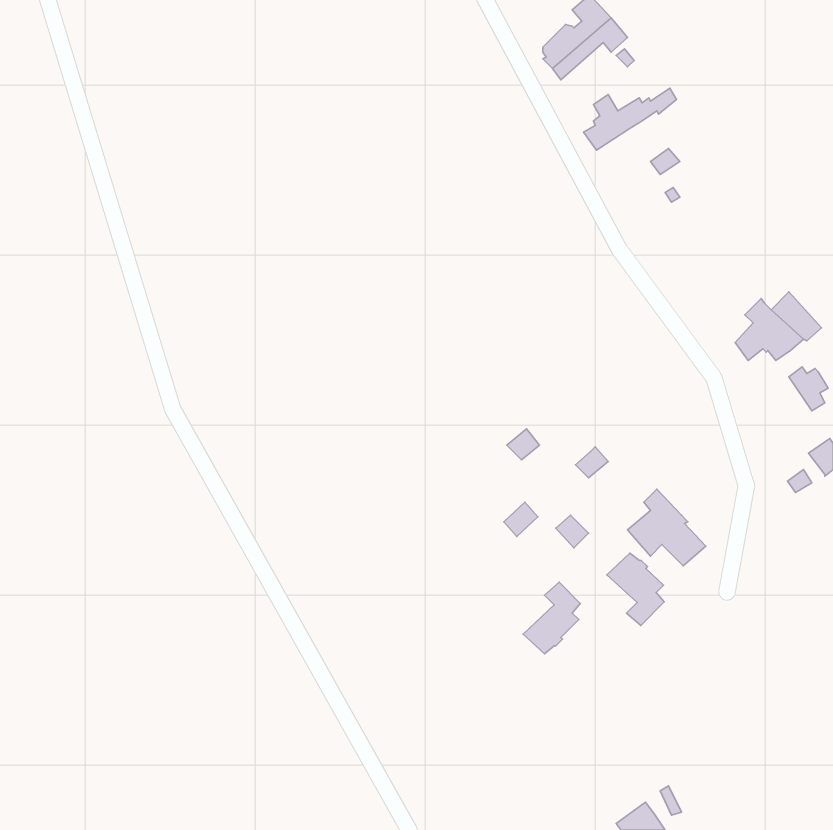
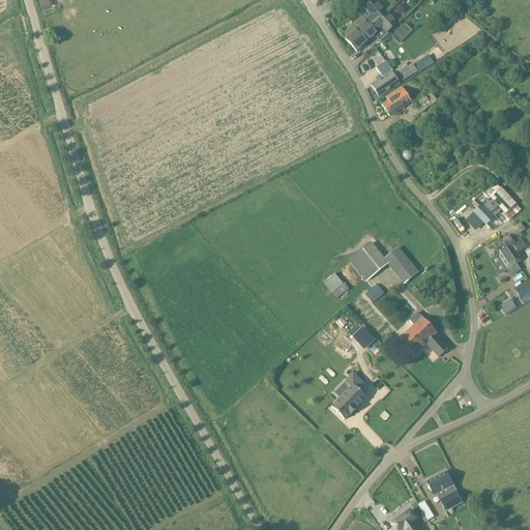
building: none -> [381,86,411,115]
building: none -> [489,239,521,274]
building: none -> [350,242,419,284]
building: [607,553,664,625] -> none
building: none -> [426,471,465,509]

